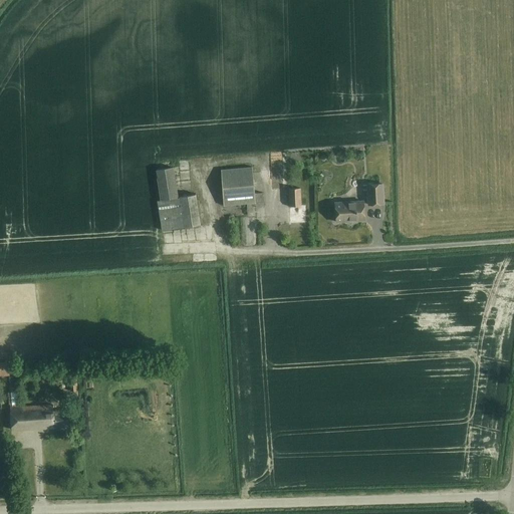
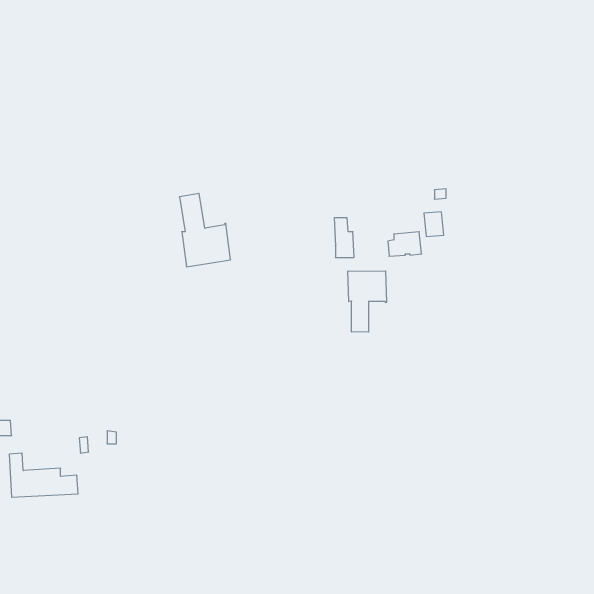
building: [219,167,262,205] -> none
building: none -> [348,271,387,332]

